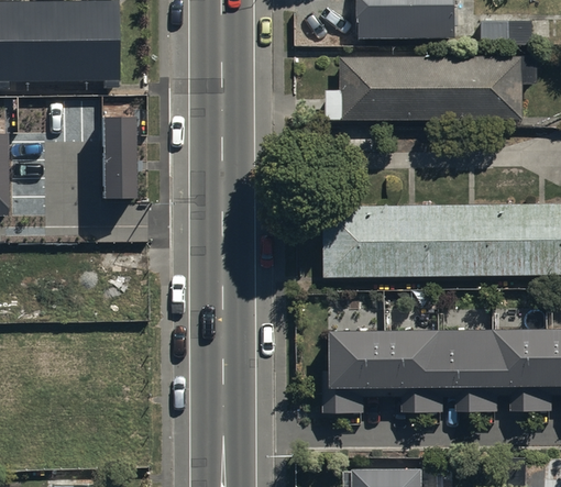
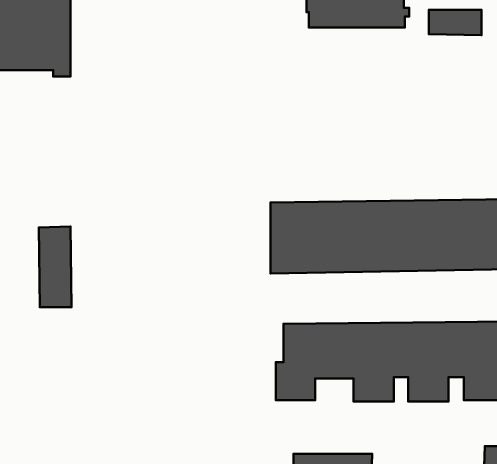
building: [323,55,536,118] -> none
building: [103,118,136,199] -> [39,226,71,307]

